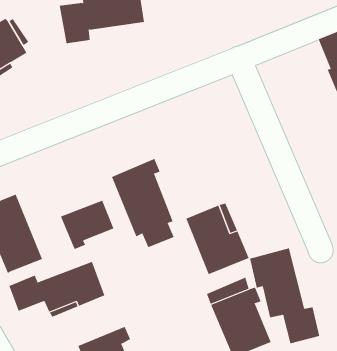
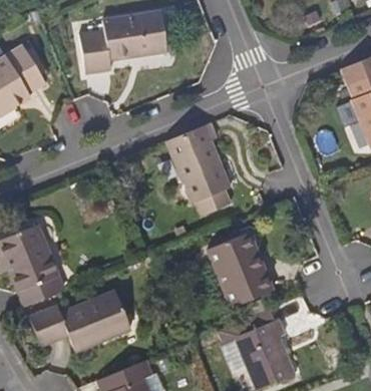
building: [111,158,174,248] -> [165,122,230,214]
building: [60,200,114,250] -> none
building: [250,247,320,344] -> none

